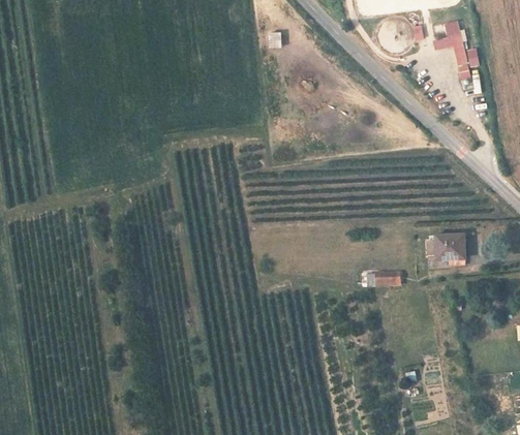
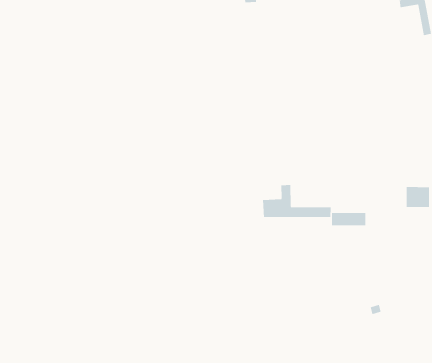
building: none -> [262,184,331,218]

